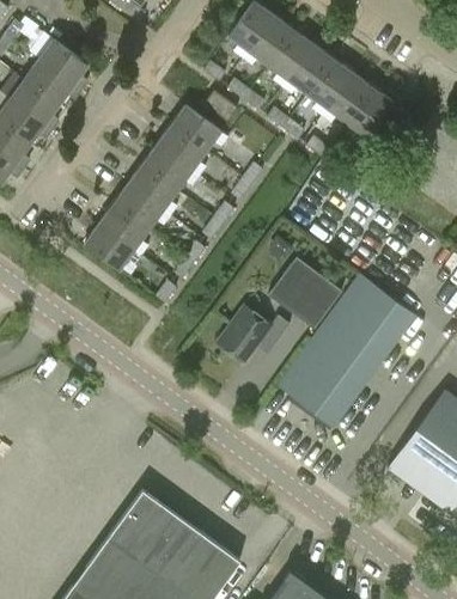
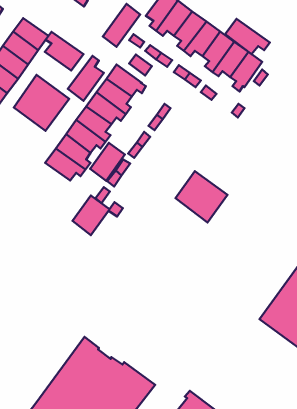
building: none -> [103,4,140,47]
building: none -> [225,19,270,54]
building: none -> [45,32,83,70]
building: none -> [68,56,104,101]
building: none -> [14,75,69,131]
building: none -> [90,143,125,181]
building: [279,275,416,428] -> none
building: [219,307,291,363] -> [72,196,123,235]

